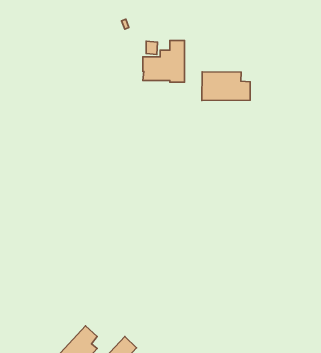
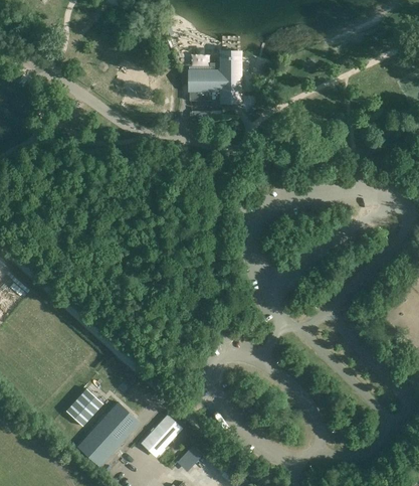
building: [202,72,250,100] -> none
building: none -> [65,389,102,427]

